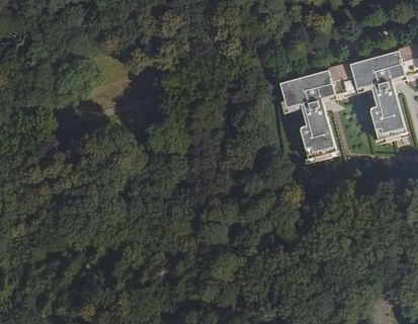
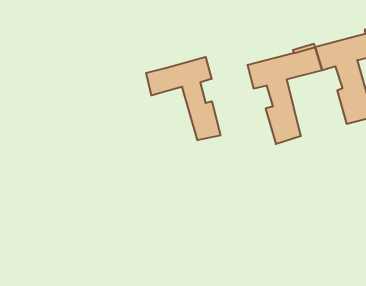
building: none -> [146,57,220,140]

